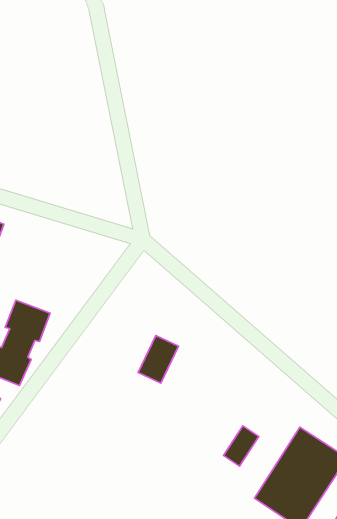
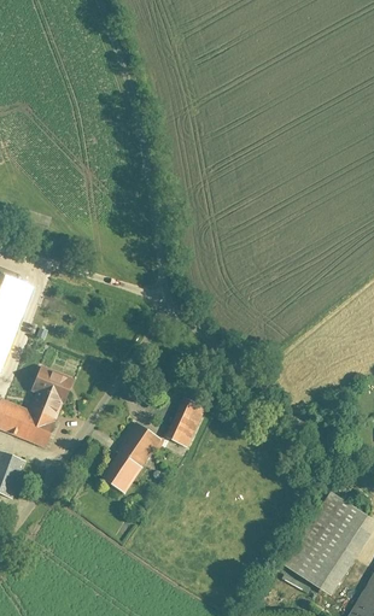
building: none -> [101,418,162,493]
building: [223,426,259,466] -> none

